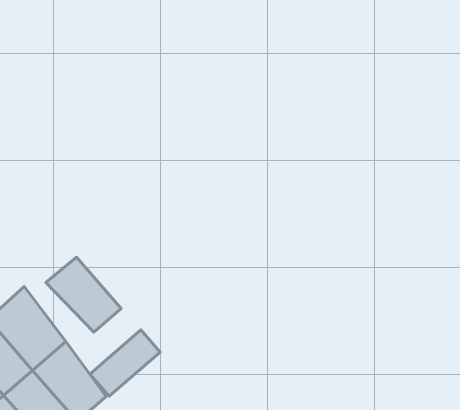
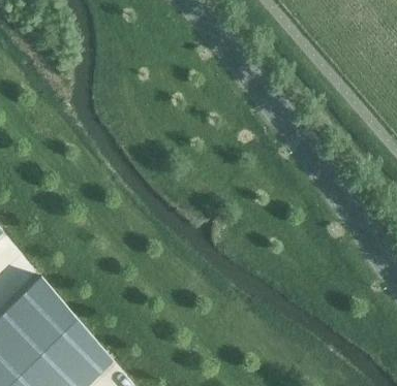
building: [46,257,121,332] -> none
building: [90,330,160,396] -> none

